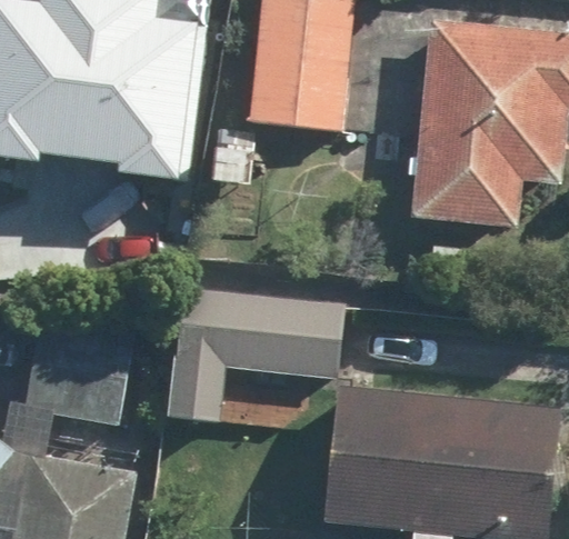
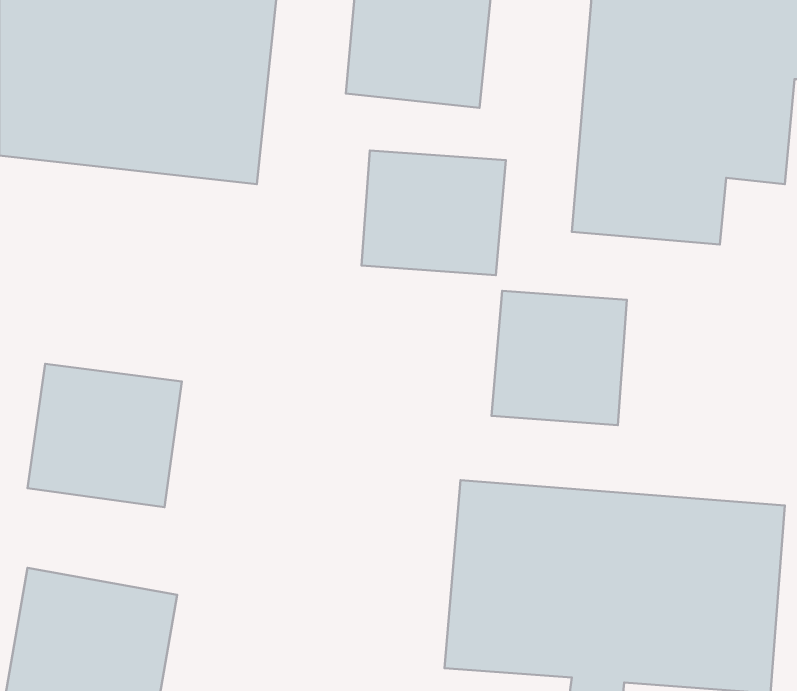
building: none -> [362,150,506,275]
building: none -> [492,291,627,425]
building: [166,288,342,421] -> none

